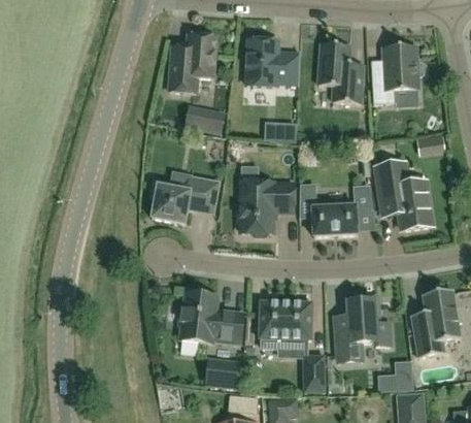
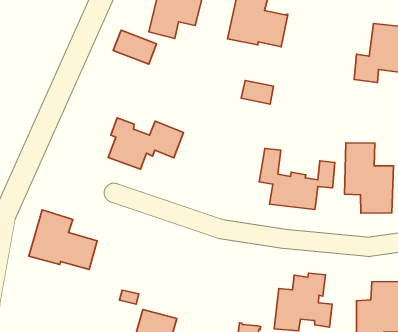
building: [317,43,363,103] -> none
building: [184,105,225,133] -> [113,30,156,64]
building: [237,182,293,236] -> none
building: [180,292,243,341] -> [29,210,97,270]
building: [259,300,311,348] -> none

